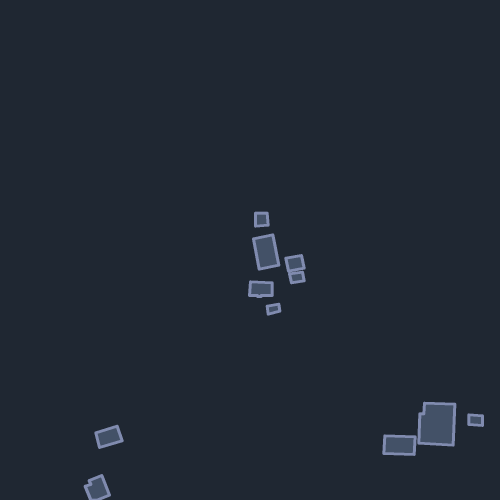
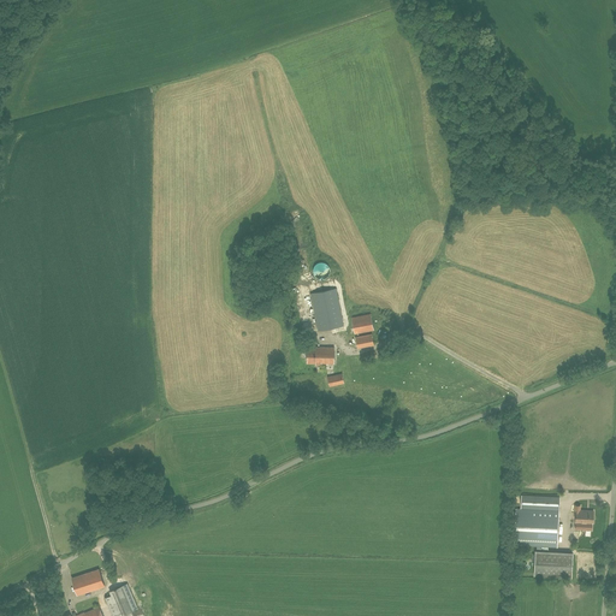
building: [96,426,122,448] -> [72,569,105,596]
building: [384,436,415,454] -> [534,552,573,575]

